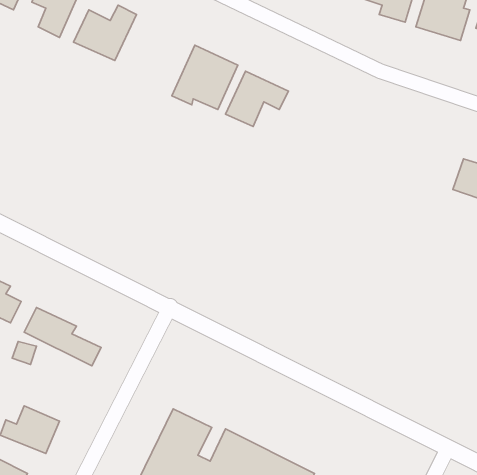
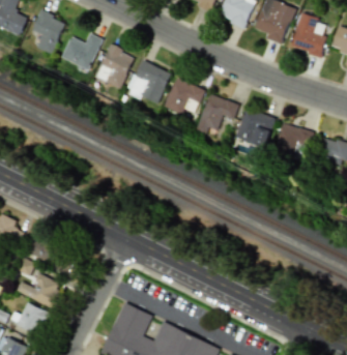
building: none -> [94,43,133,87]
building: none -> [195,92,238,134]
building: none -> [234,107,274,147]
building: none -> [273,122,312,159]
building: none -> [16,274,61,308]

